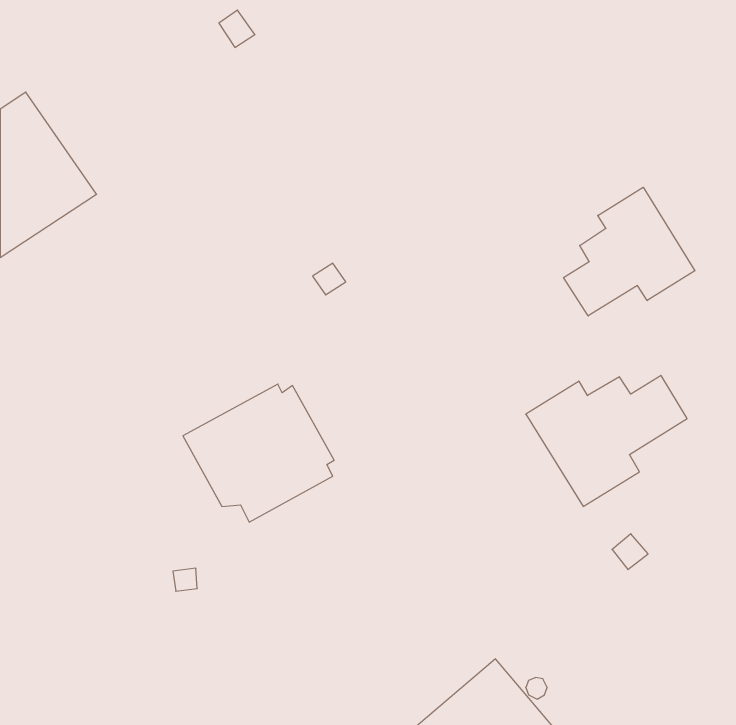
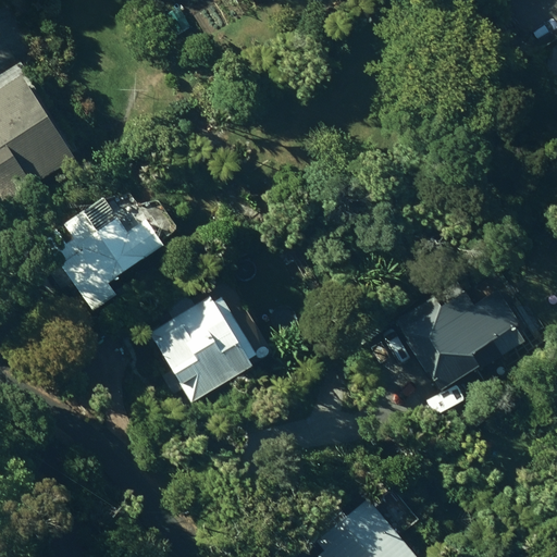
building: [564,187,695,316] -> none
building: none -> [46,197,162,309]

